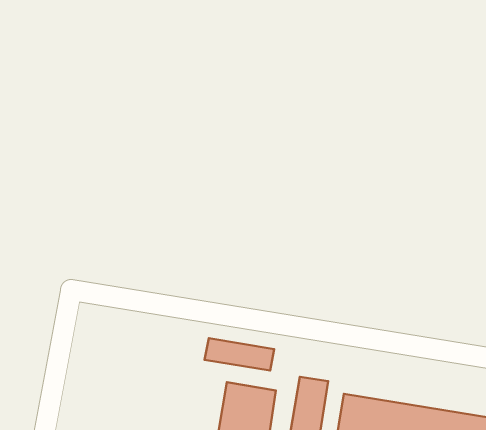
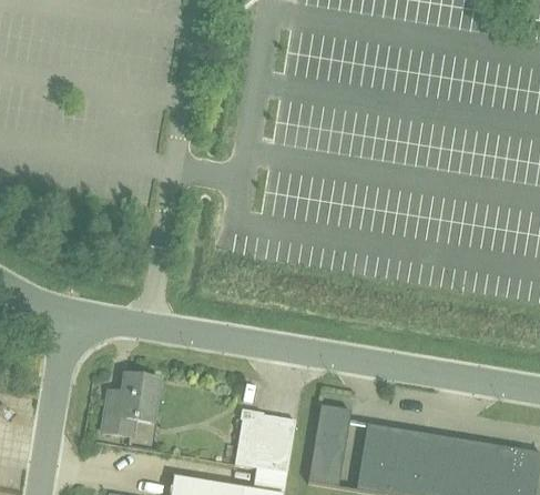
building: [205,338,274,370] -> none
building: none -> [102,374,160,436]

